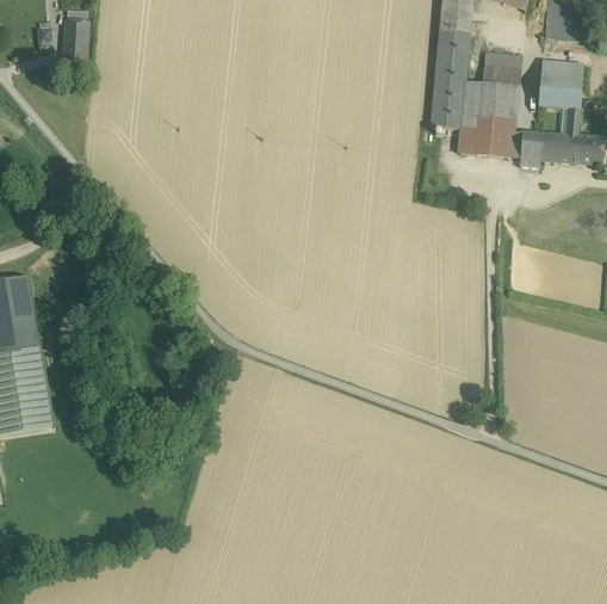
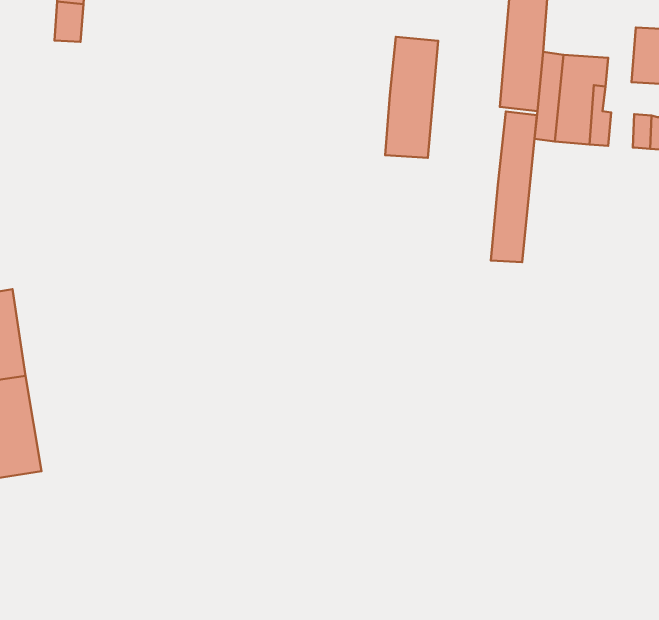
building: [482,50,521,85] -> none
building: none -> [385,37,438,158]
building: none -> [491,112,537,262]
building: [519,130,540,167] -> none

